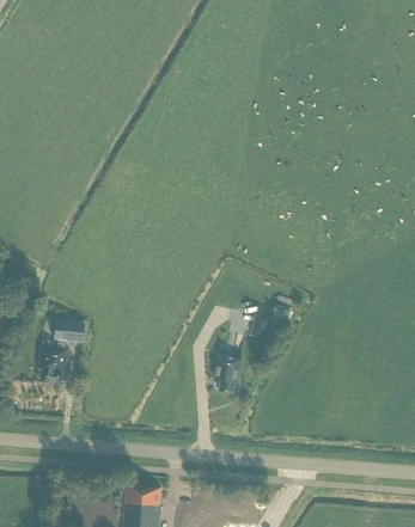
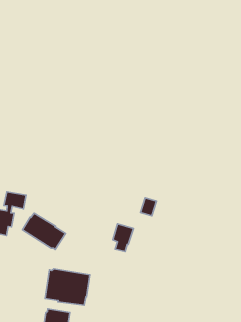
building: none -> [23,213,65,249]
building: none -> [45,269,90,305]

